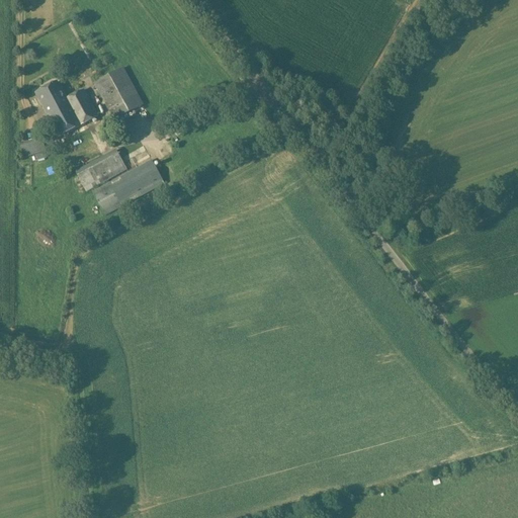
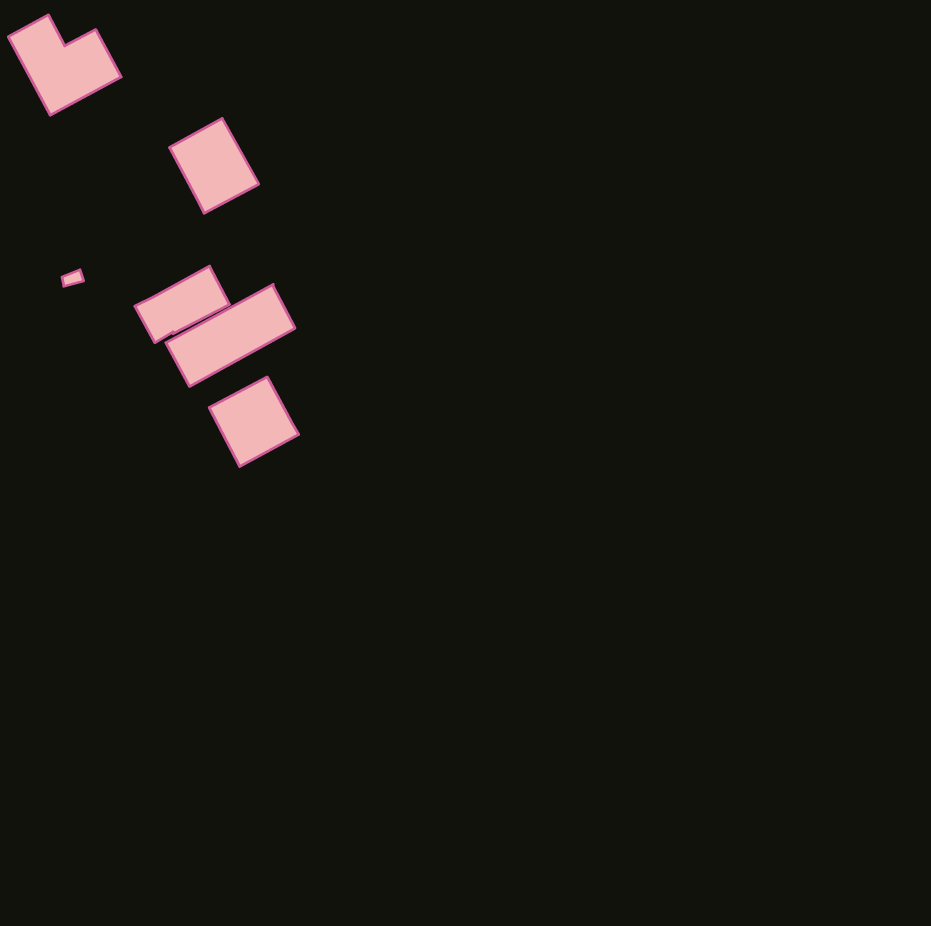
building: [35,80,98,136] -> [8,15,121,115]
building: none -> [209,377,299,467]

